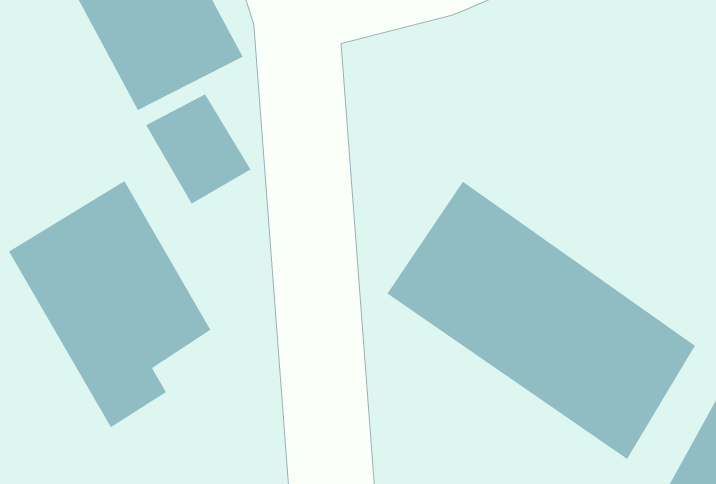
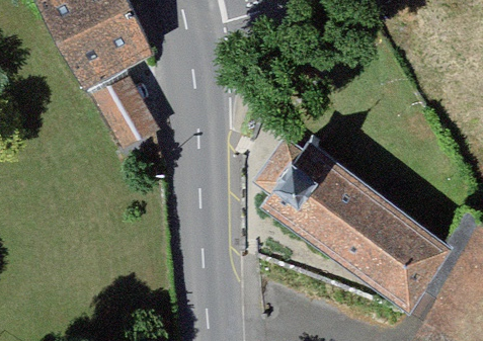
building: [8,180,211,428] -> none

